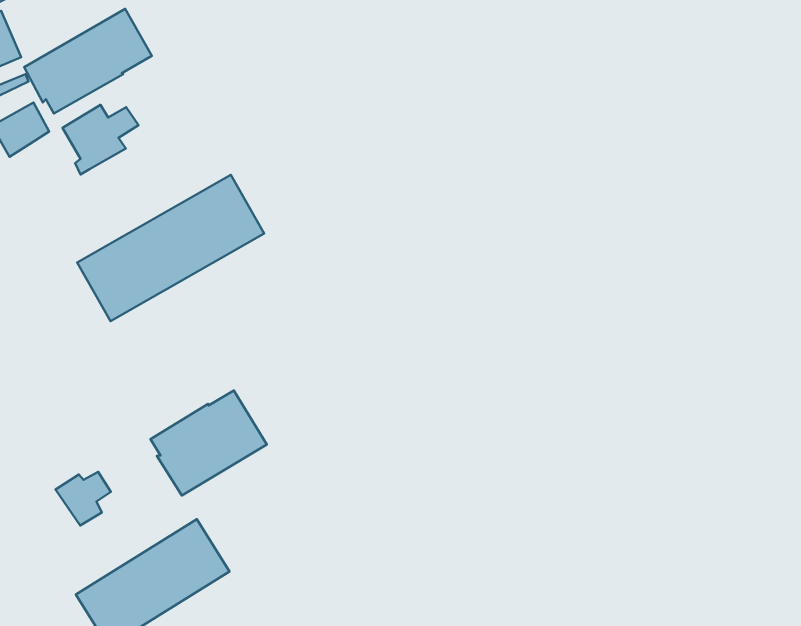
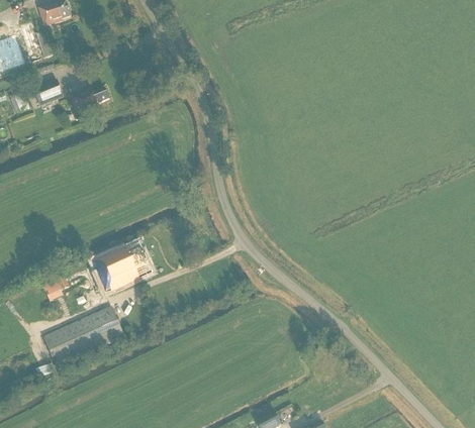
building: [24,9,152,114] -> none
building: [77,175,264,321] -> none

